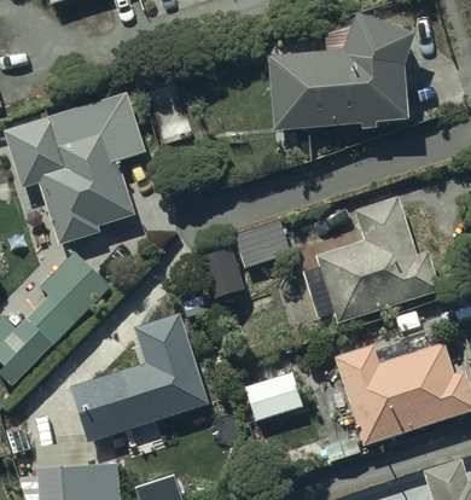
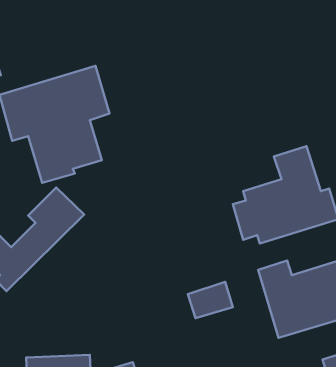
building: [269,17,411,128] -> none
building: [199,221,289,298] -> none
building: [72,313,208,441] -> none

